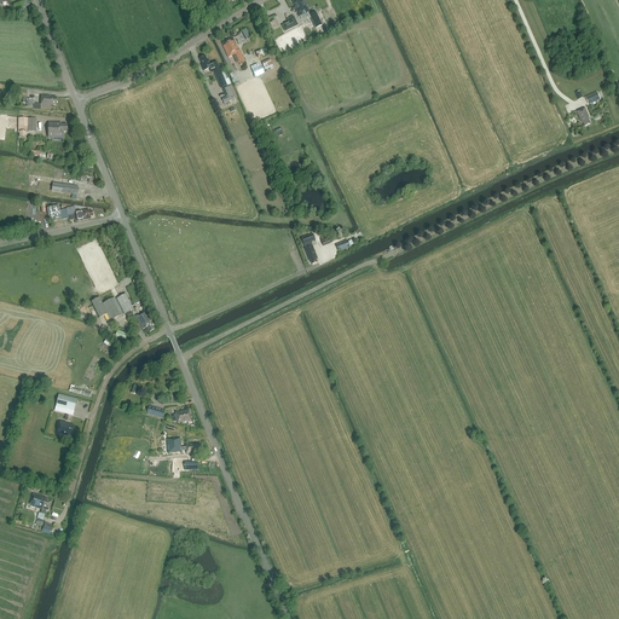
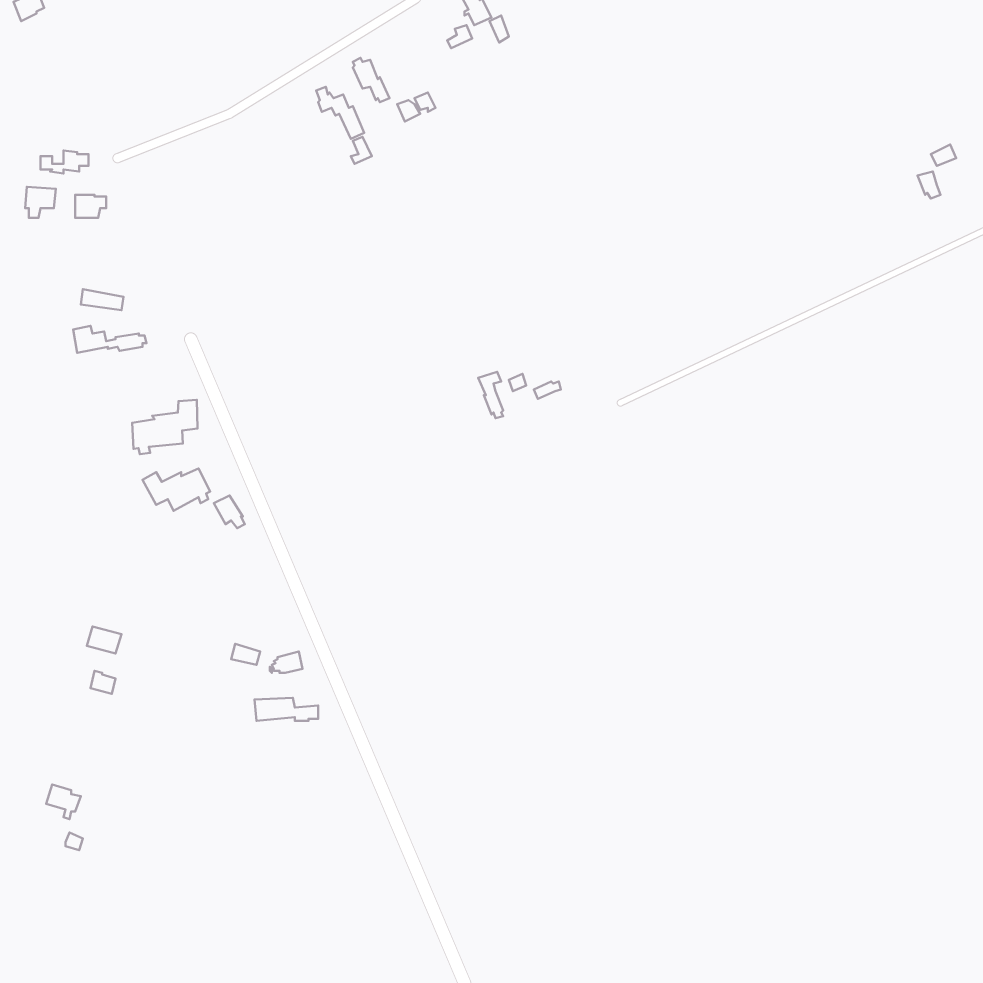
building: none -> [132,400,197,454]

